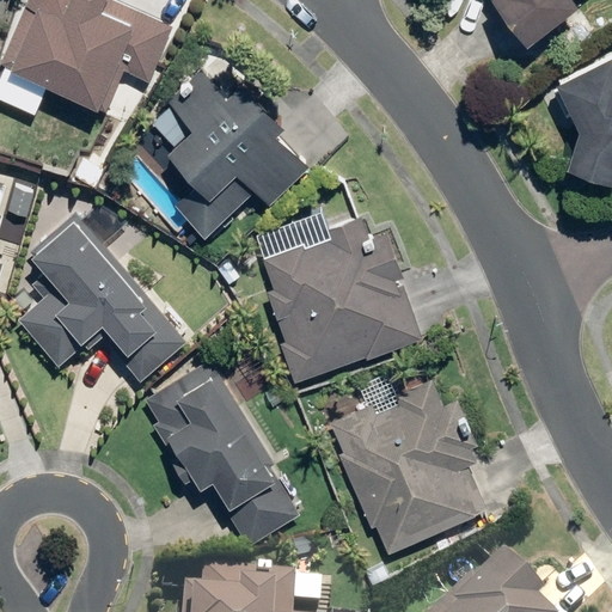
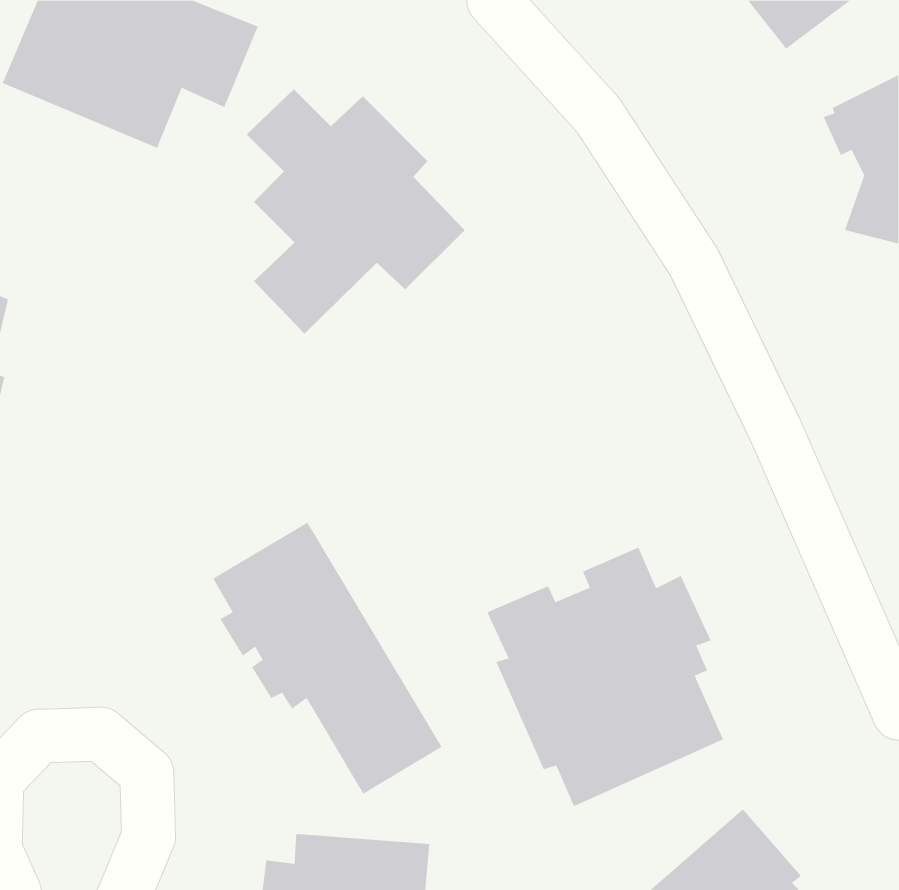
building: [17,213,186,379] -> none
building: [262,216,422,379] -> none

